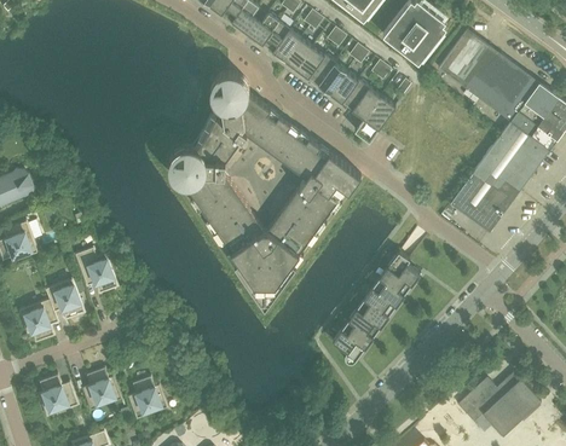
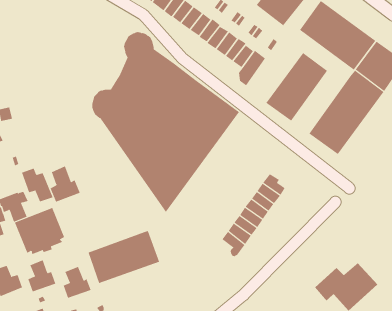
building: none -> [266,52,328,121]
building: none -> [50,165,80,203]
building: none -> [14,207,65,255]
building: none -> [88,230,160,284]

